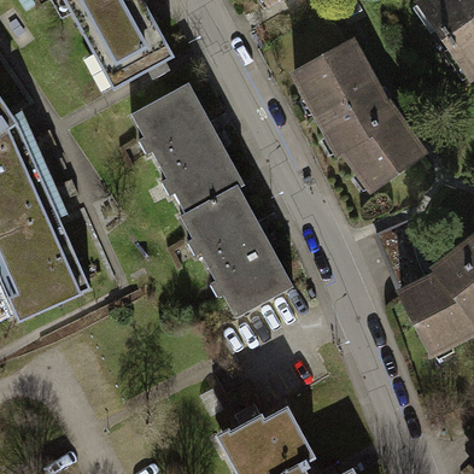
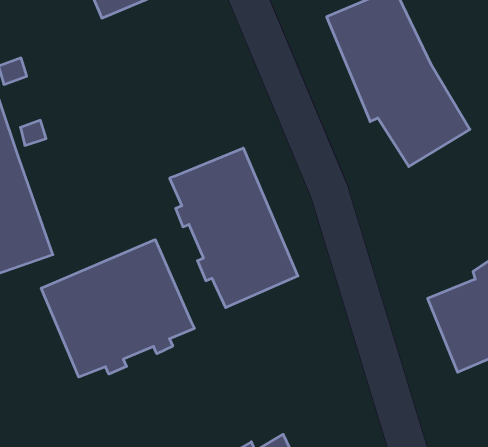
building: [129,81,242,212] -> none
building: none -> [41,240,194,377]

